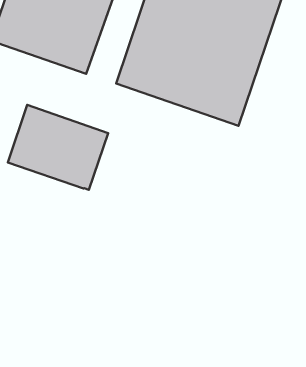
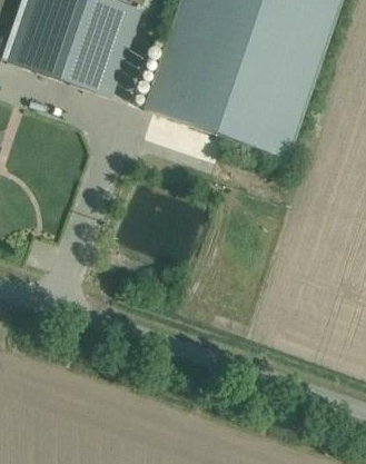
building: [8,105,108,190] -> none

